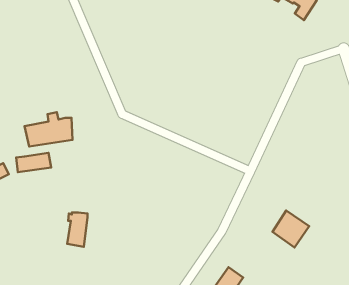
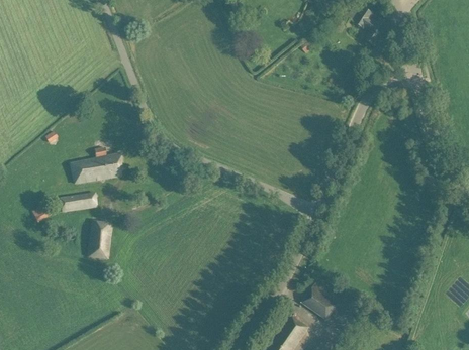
building: [272,211,309,248] -> [302,279,343,320]
building: [67,213,87,247] -> [89,222,111,259]

